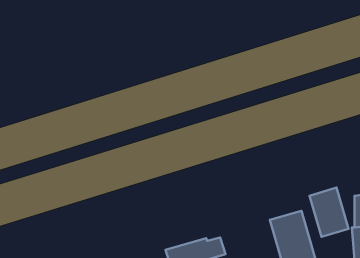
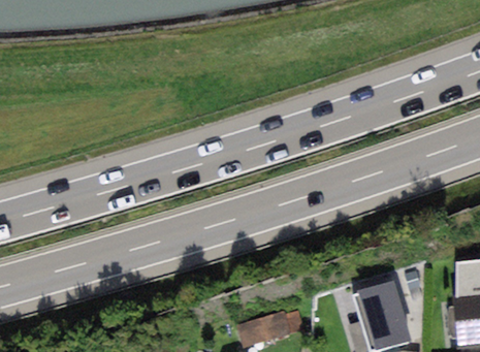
building: [309,188,348,237] -> none

